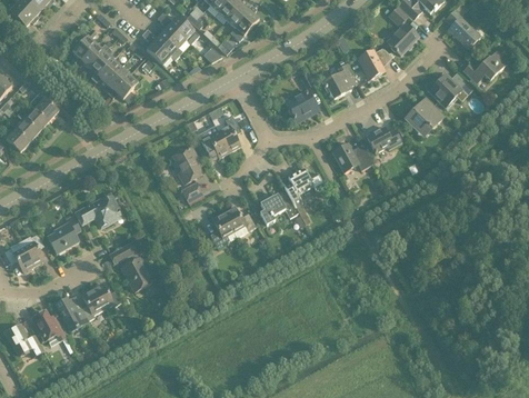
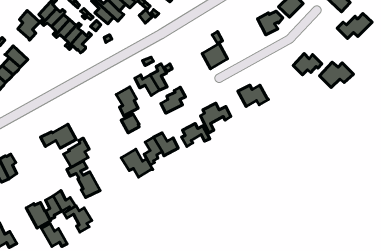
building: none -> [18,11,40,40]
building: [322,63,357,98] -> none
building: [428,73,472,107] -> [319,62,353,88]
building: [368,126,401,152] -> none
building: none -> [161,87,185,113]
building: [47,215,80,252] -> [64,138,89,167]
building: none -> [121,149,153,177]
building: none -> [64,206,92,232]
building: [32,310,66,340] -> [42,223,67,246]

